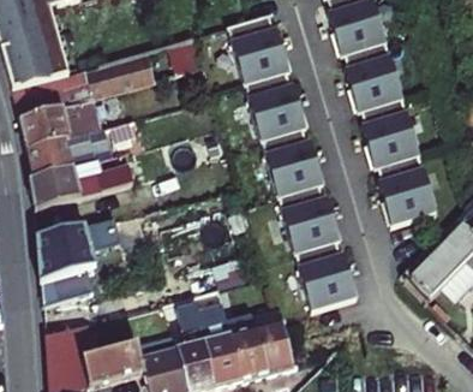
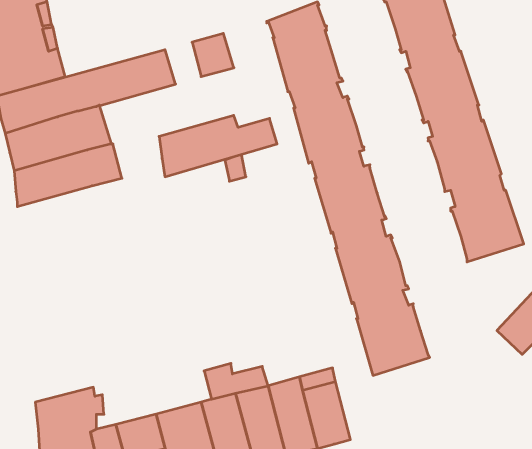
building: [29,161,124,210] -> [159,115,277,177]
building: [37,218,126,307] -> none

